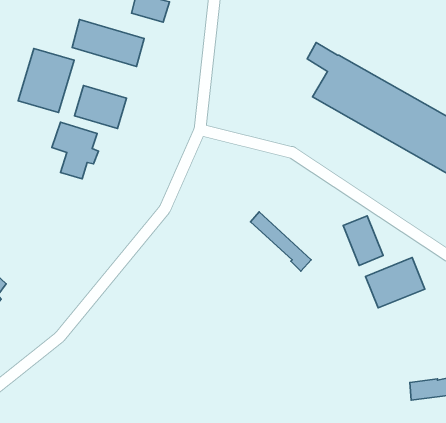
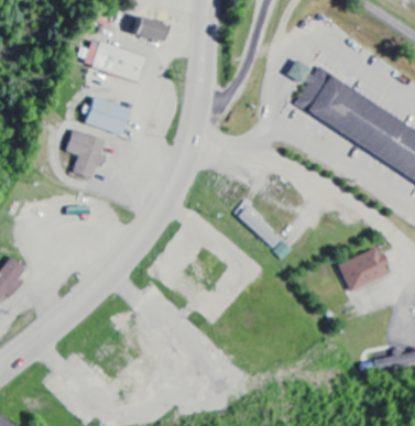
building: [18,48,74,113] -> none
building: [343,216,383,265] -> none

